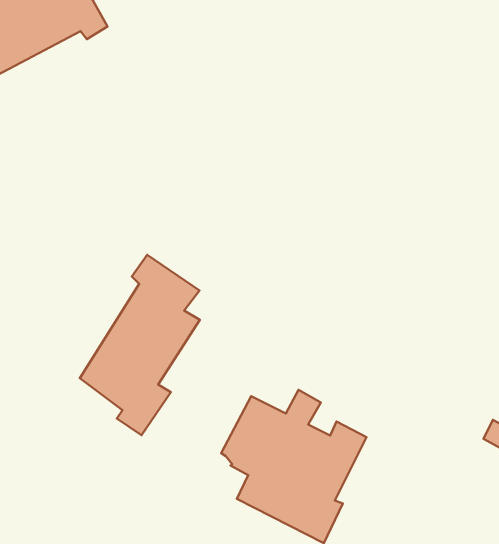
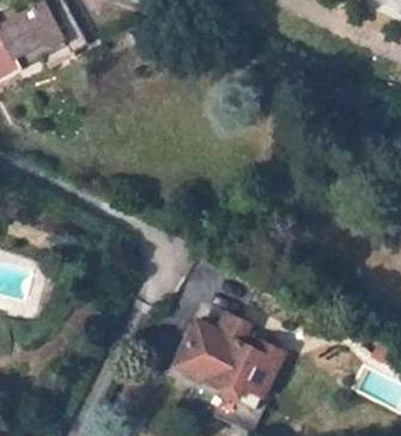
building: [80,255,200,435] -> none

